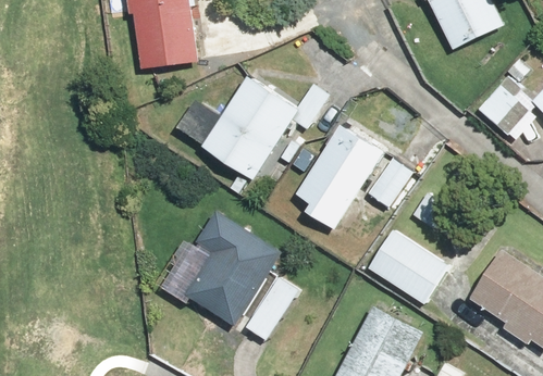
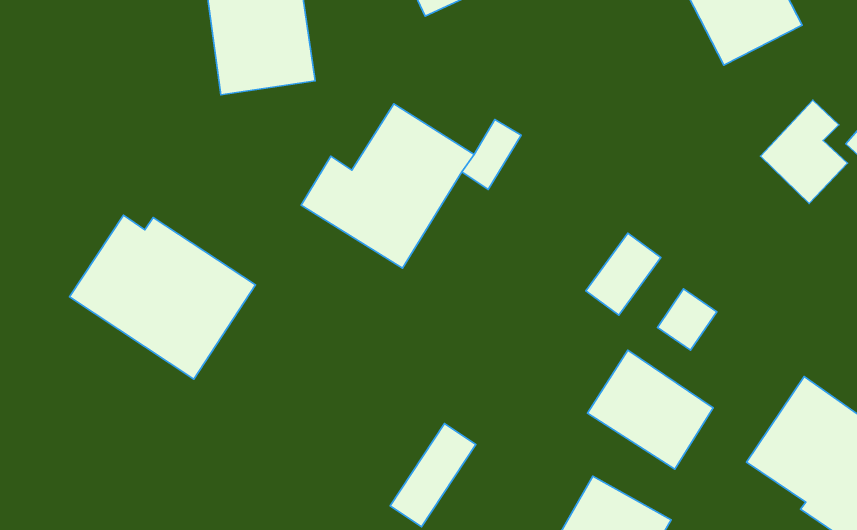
building: [297,124,382,227] -> none
building: none -> [70,215,256,379]
building: [156,209,282,325] -> none

